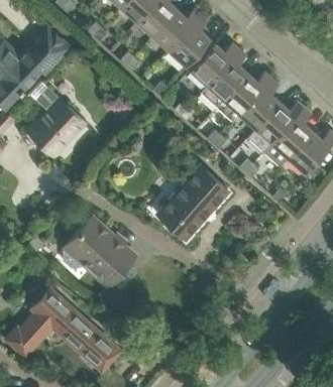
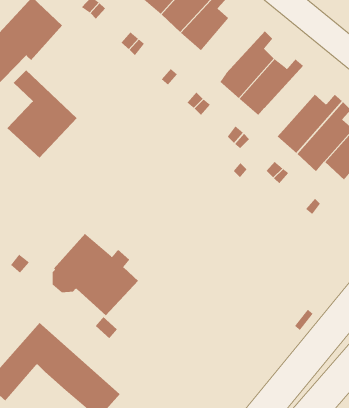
building: [190,43,239,86] -> none
building: [239,80,281,130] -> none
building: [157,171,228,240] -> none

